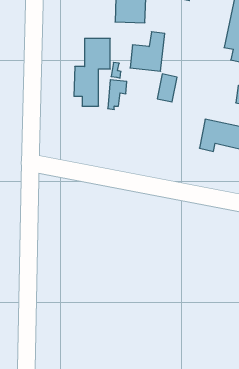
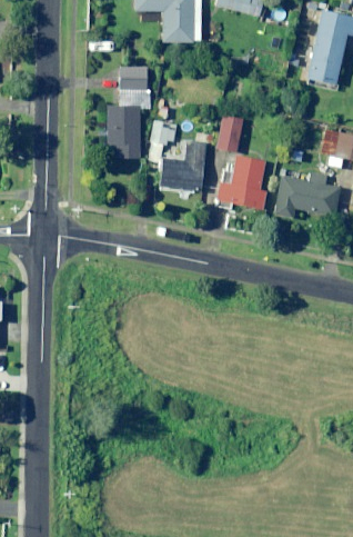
building: [130,32,165,71] -> [158,140,204,193]
building: none -> [215,155,266,208]

